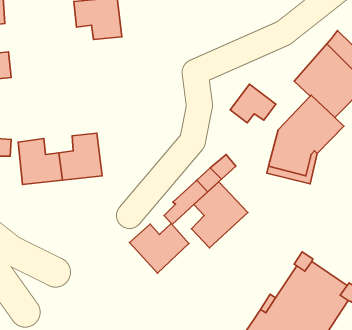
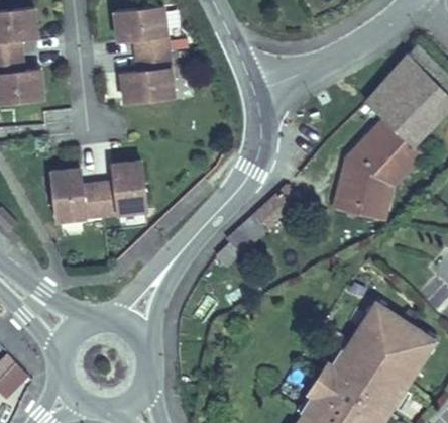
building: none -> [120,52,174,103]
building: [230,84,276,123] -> none
building: [191,182,248,248] -> none
building: [129,223,189,273] -> none

